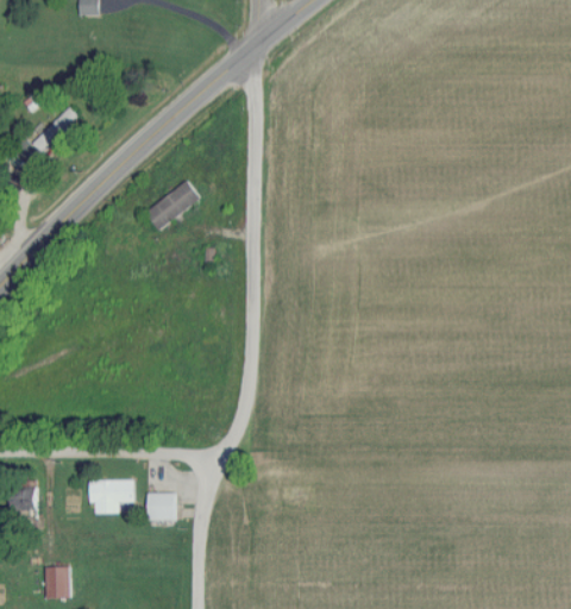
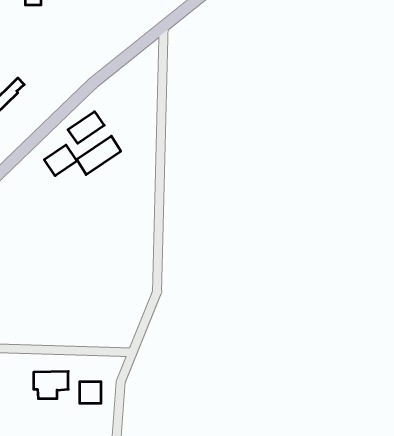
building: none -> [68,112,104,143]
building: none -> [44,145,77,176]

